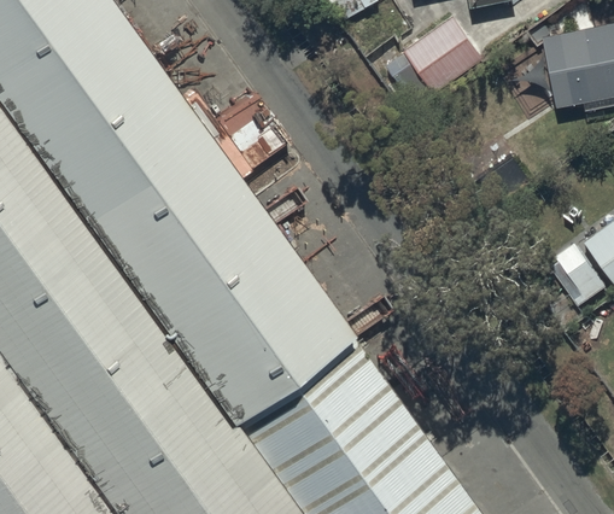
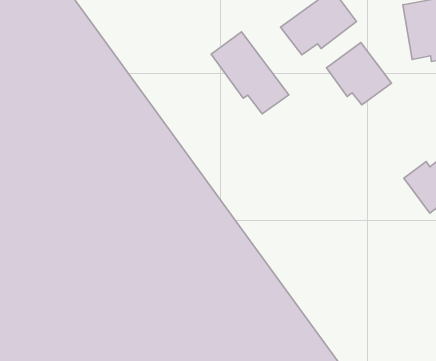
building: none -> [211,32,289,114]
building: none -> [327,43,392,105]

